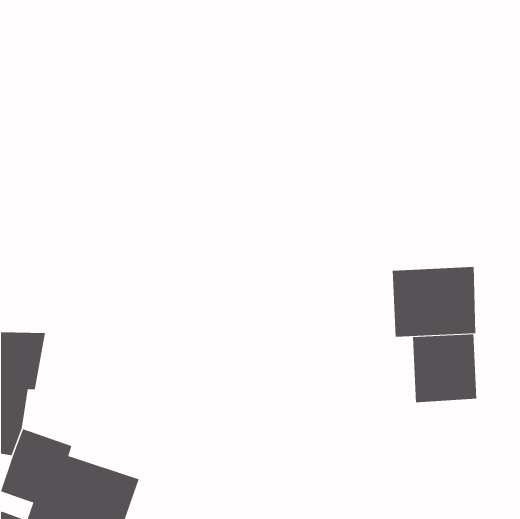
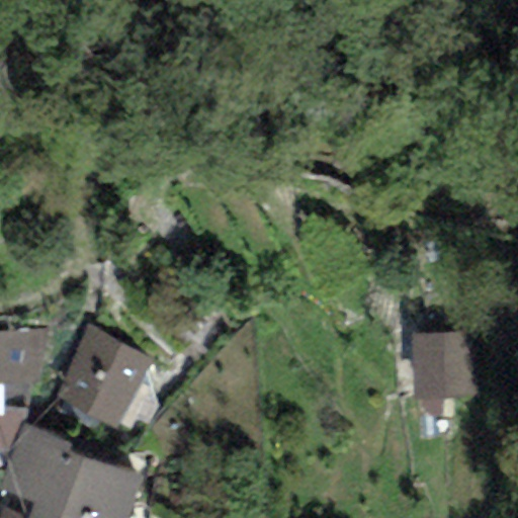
building: [392,266,476,337] -> none
building: none -> [52,327,153,431]

